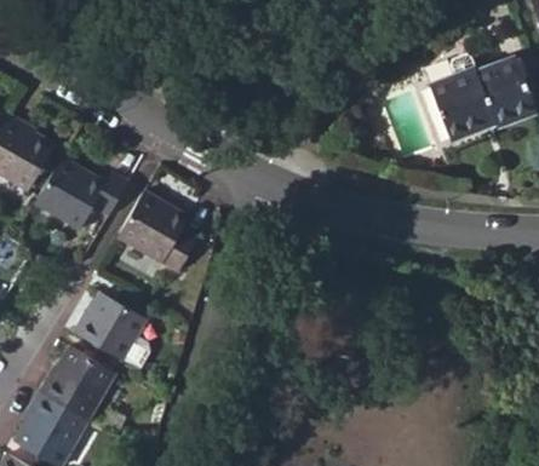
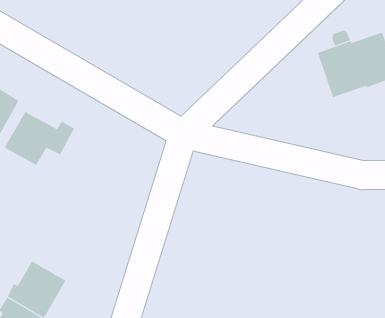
building: [114,190,195,270] -> none
building: [70,292,144,361] -> none

